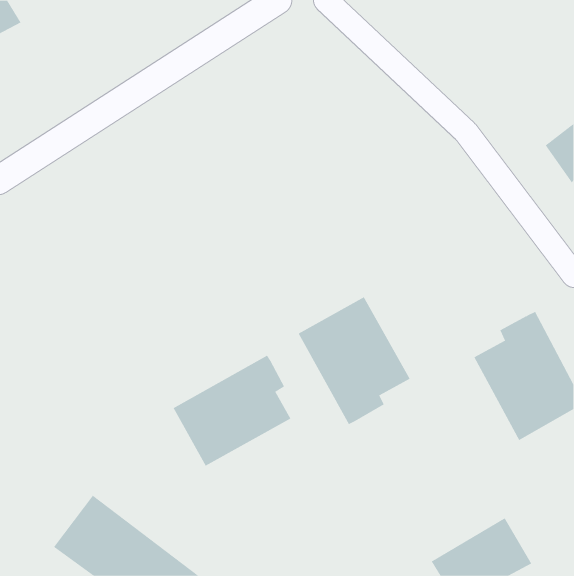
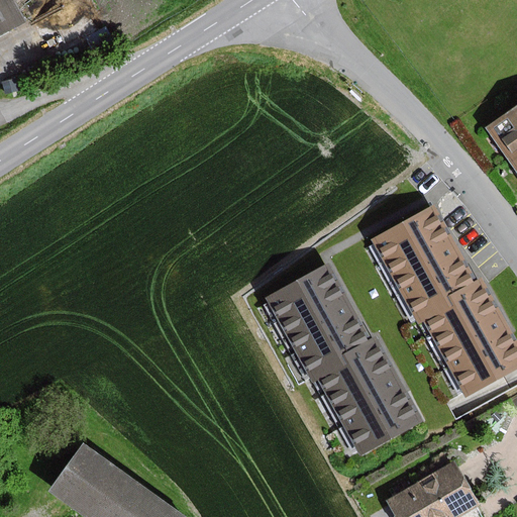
building: none -> [372,207,472,323]
building: [173,355,291,467] -> none
building: none -> [318,336,420,454]

